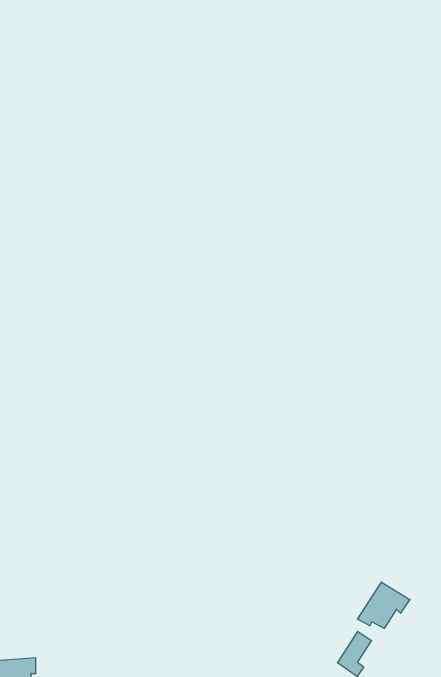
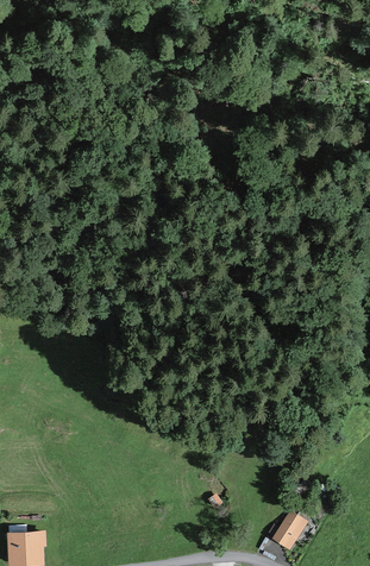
building: [358,582,410,628] -> none

